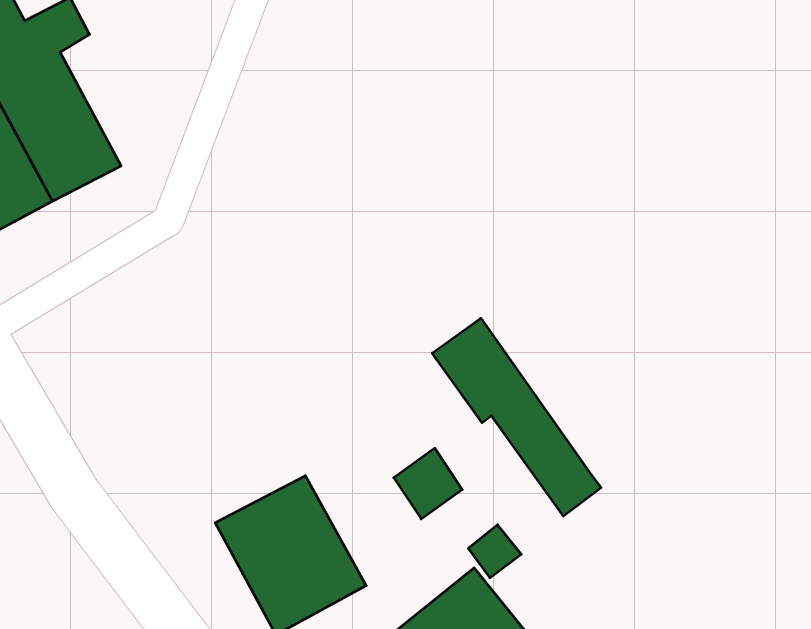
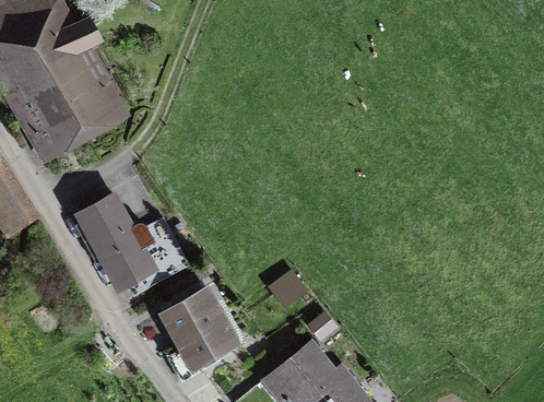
building: [432,318,601,516] -> none
building: none -> [70,197,184,287]

